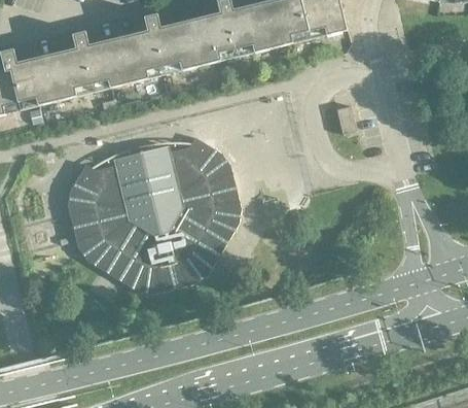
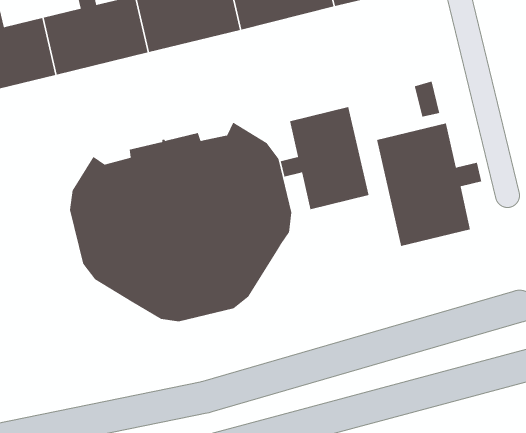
building: none -> [280,106,369,210]
building: none -> [376,123,482,247]

